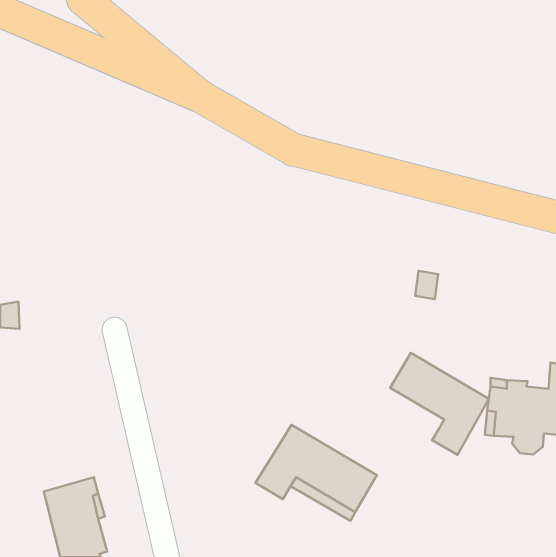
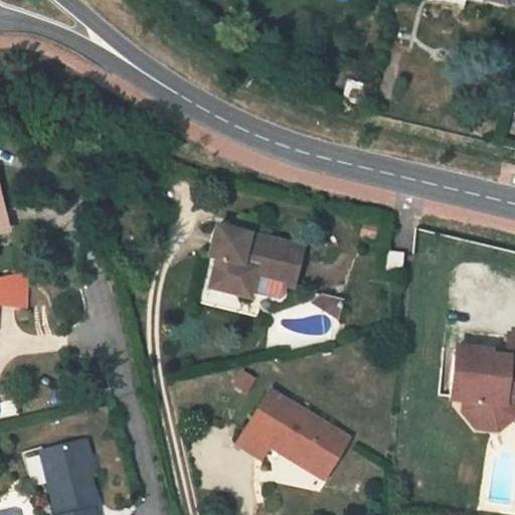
building: none -> [209,220,303,299]
building: [390,353,489,455] -> none

